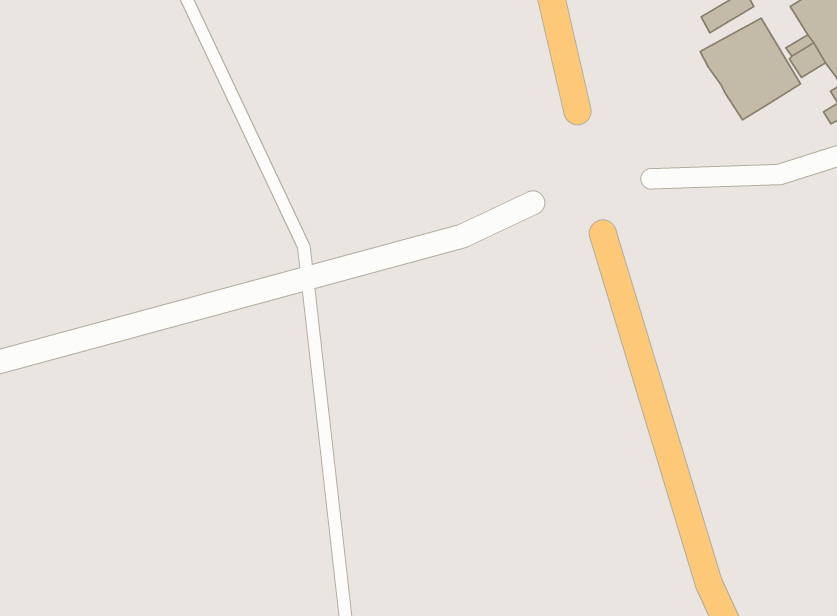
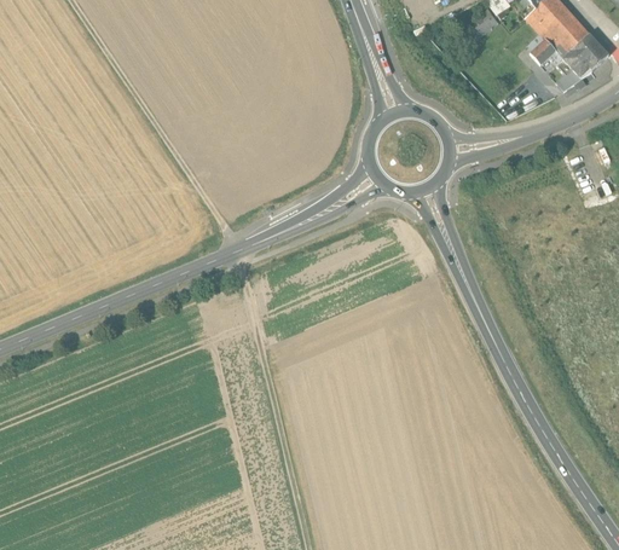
building: [700,18,800,120] -> none

